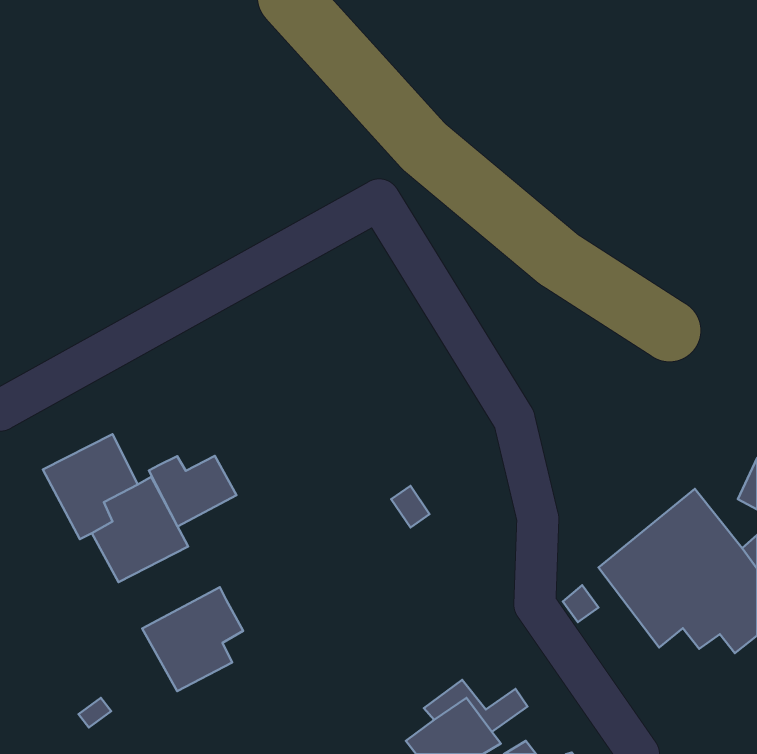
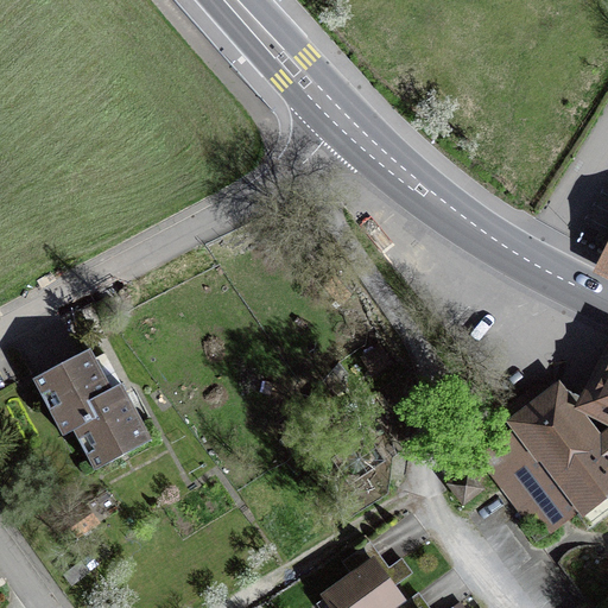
building: [149,456,236,526] -> none
building: [142,587,243,691] -> none

